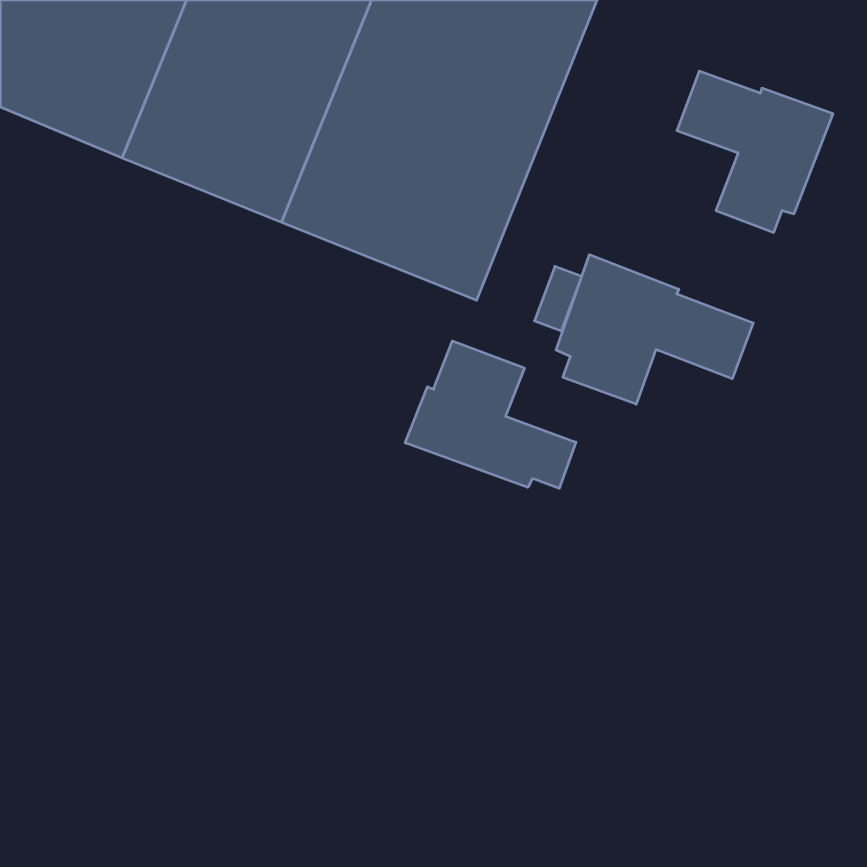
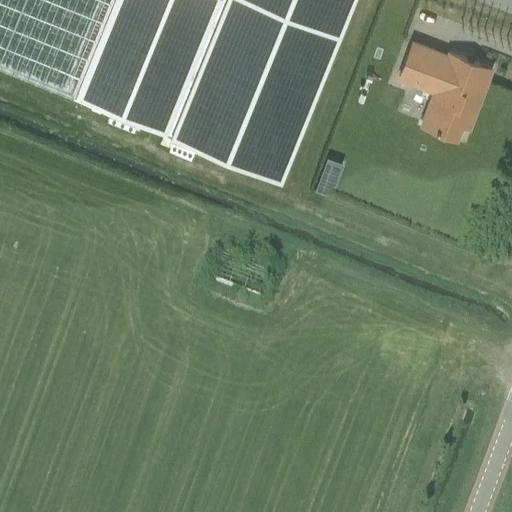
building: [556,255,753,404] -> none
building: [405,341,576,488] -> none

